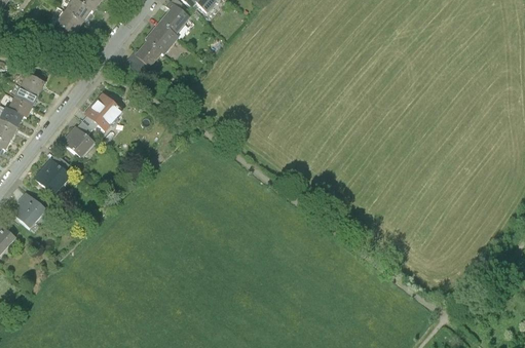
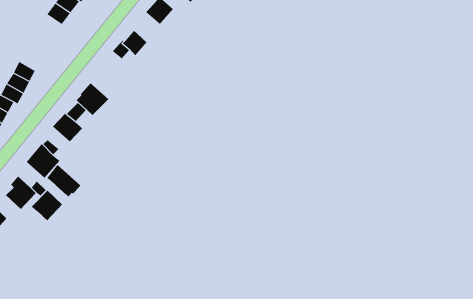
building: [145,21,179,53] -> none
building: none -> [47,164,81,198]
building: none -> [31,190,63,221]

